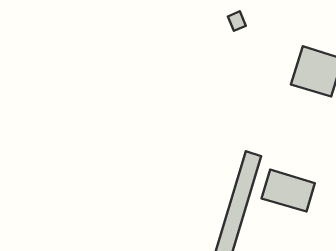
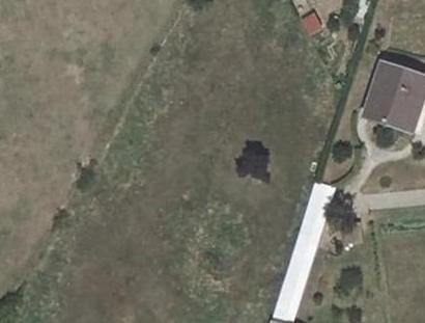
building: [261,169,315,212] -> none

